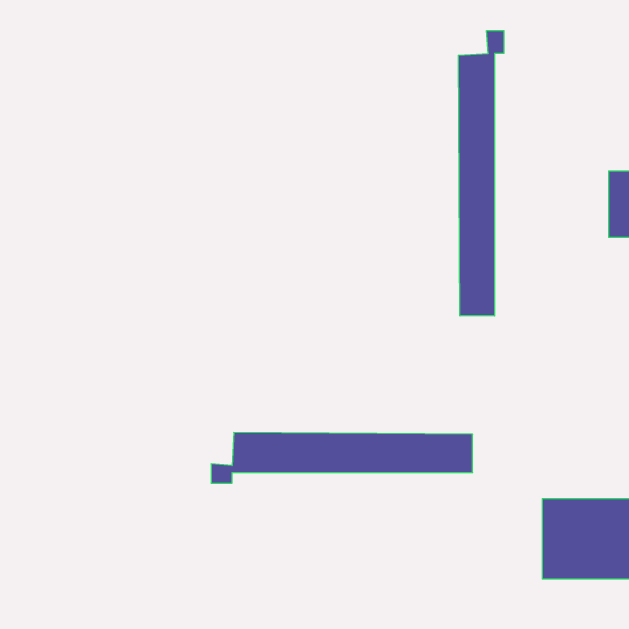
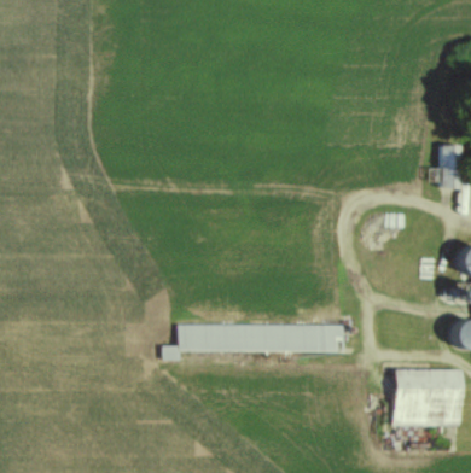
building: [458,31,504,316] -> none

